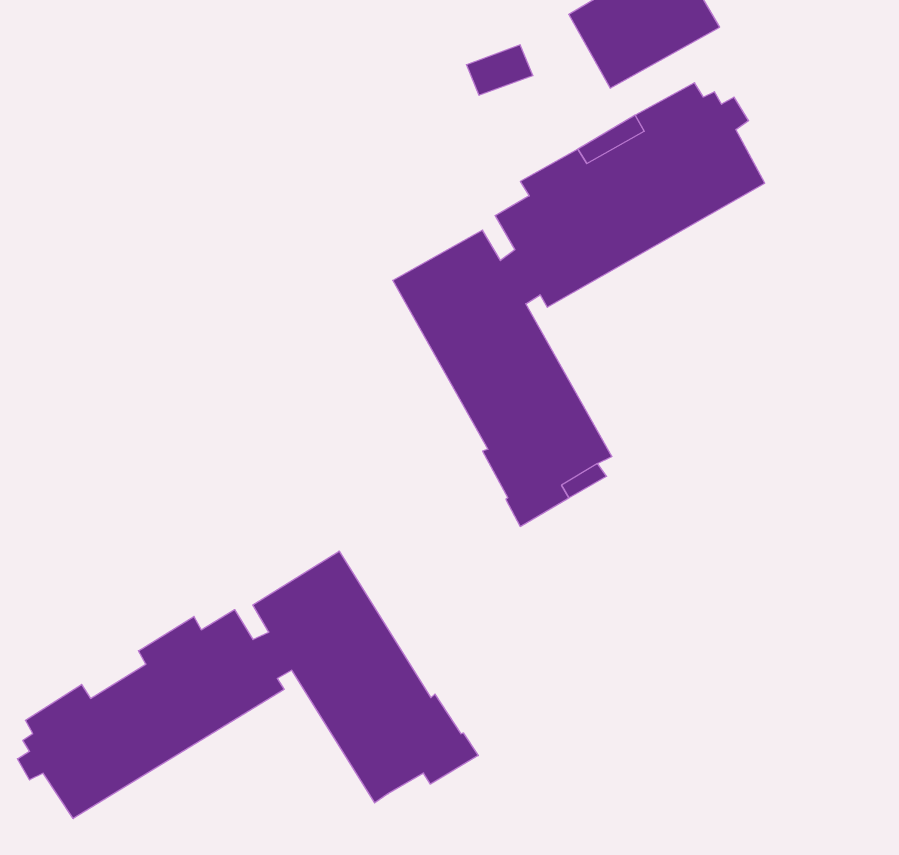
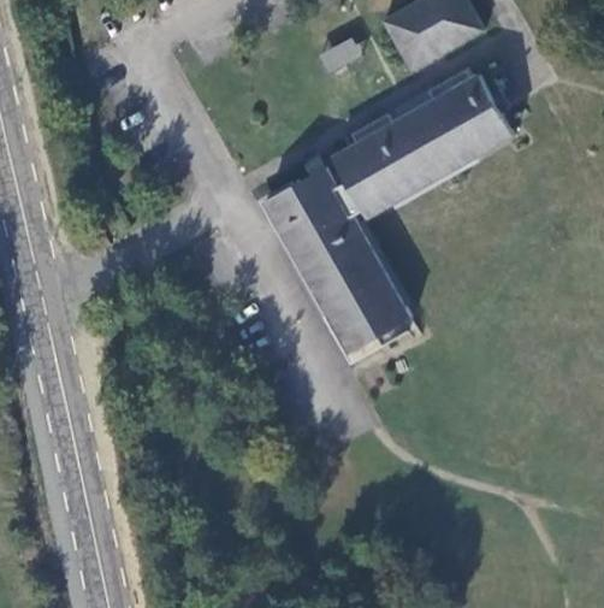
building: [17,551,478,819] -> none

